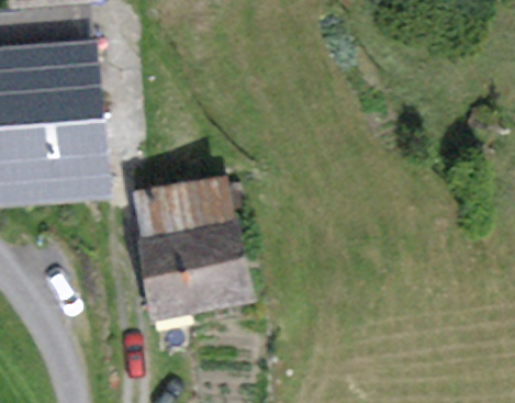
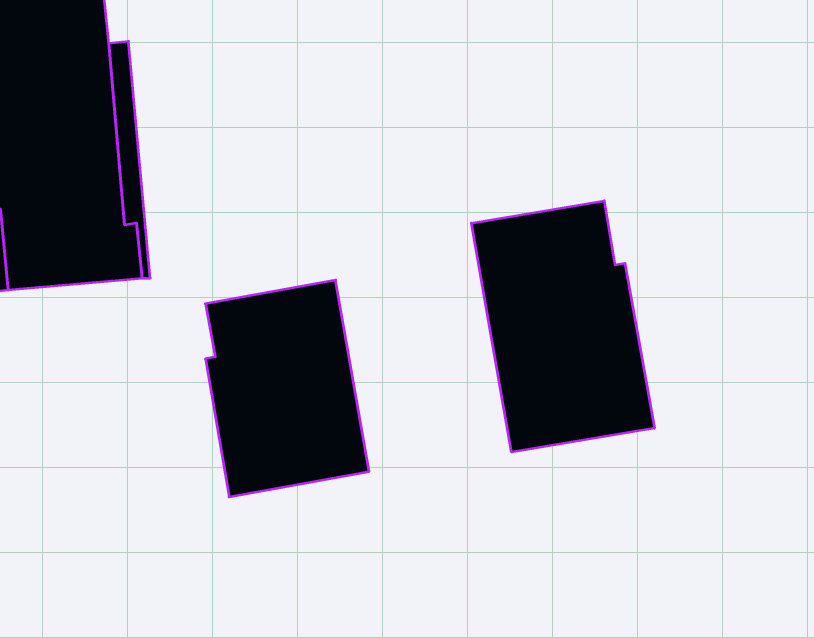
building: none -> [471,201,654,452]

